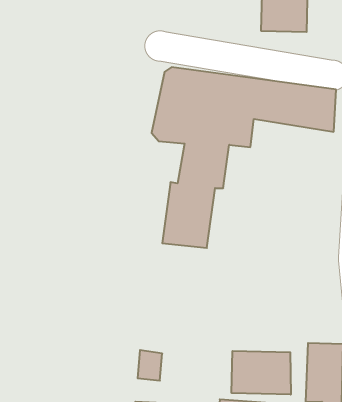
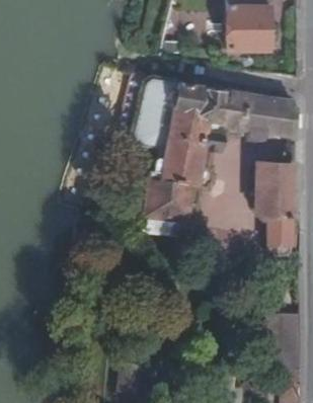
building: none -> [257,164,294,257]
building: [232,351,291,395] -> none

